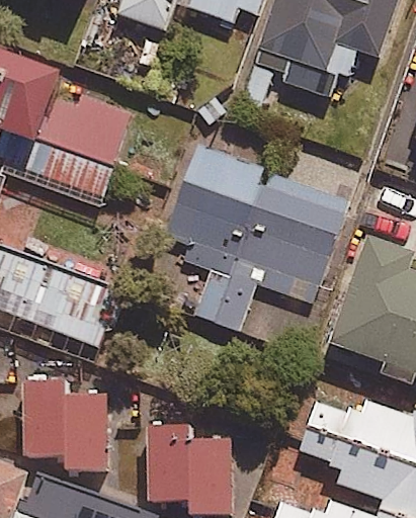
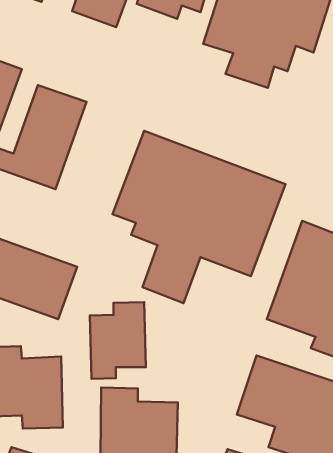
building: none -> [90,302,146,379]

